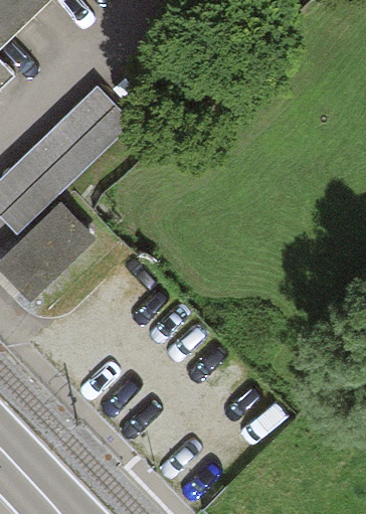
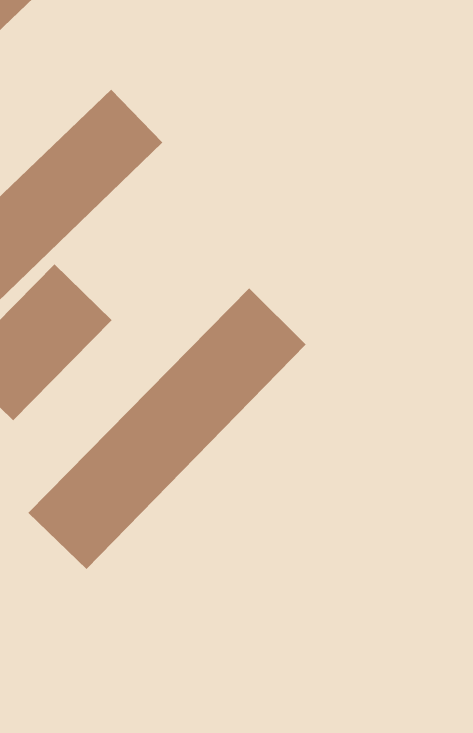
building: none -> [27,288,307,570]

